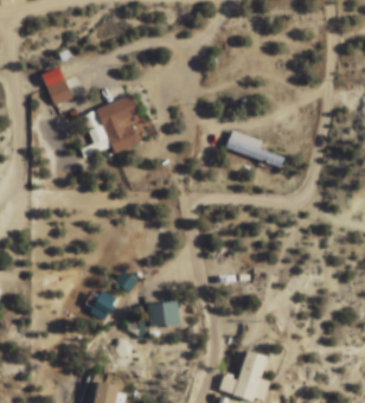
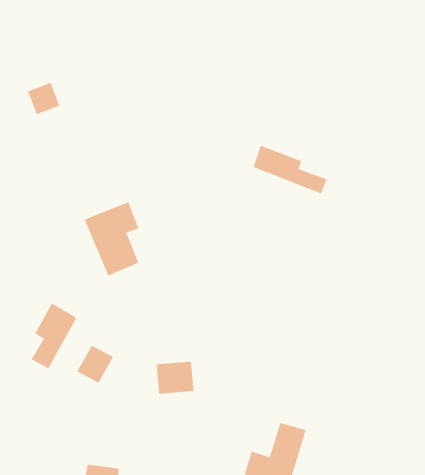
building: [96,94,140,153] -> [84,202,139,276]
building: none -> [31,303,77,369]

